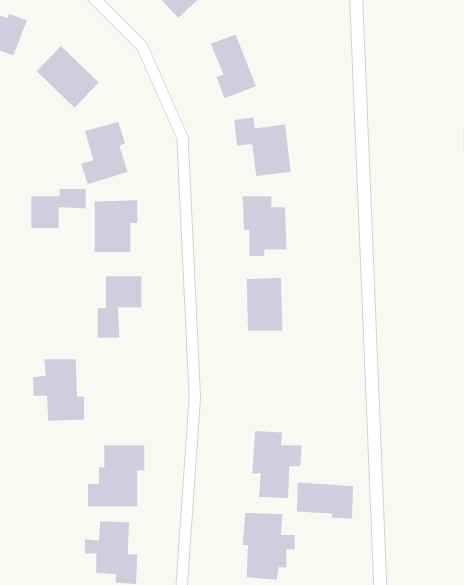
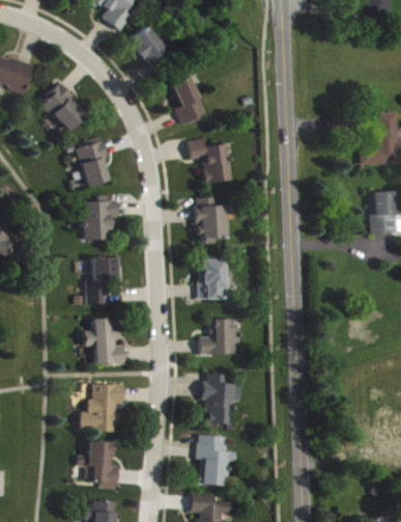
building: [31,188,86,229] -> none
building: none -> [199,319,238,355]
building: [32,359,85,421] -> [84,318,123,364]
building: [297,482,353,519] -> none

